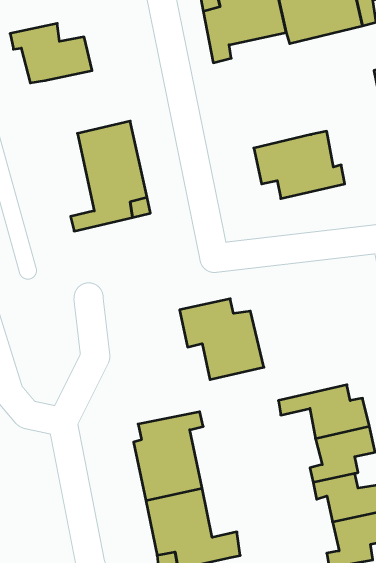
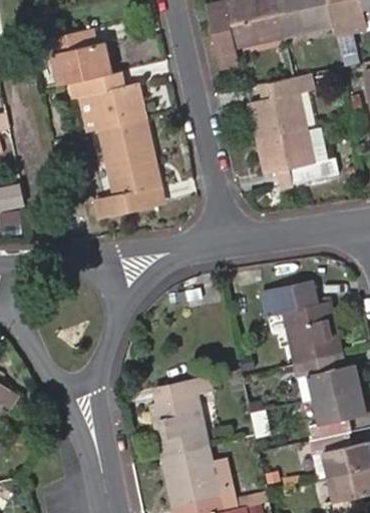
building: none -> [70,70,146,131]
building: none -> [249,75,308,141]
building: [180,299,264,380] -> [265,292,340,364]

